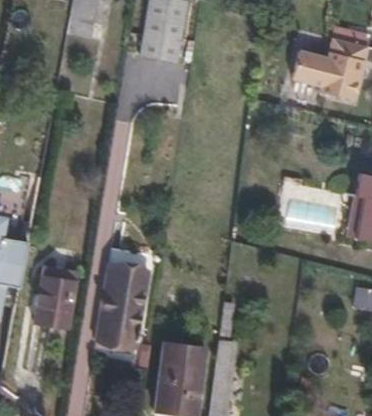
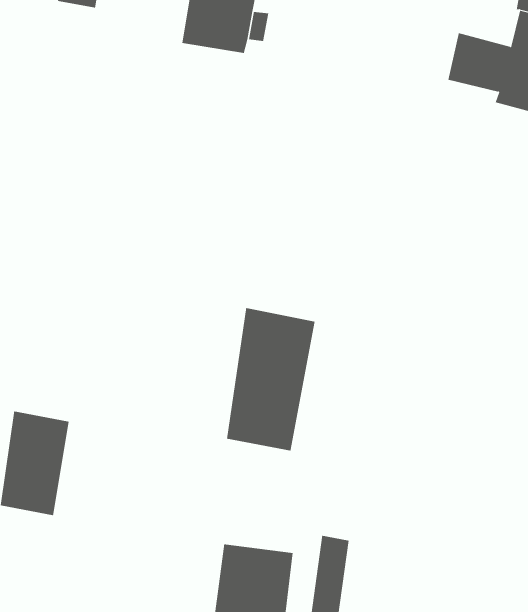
building: [99,265,150,348] -> [226,307,316,451]

